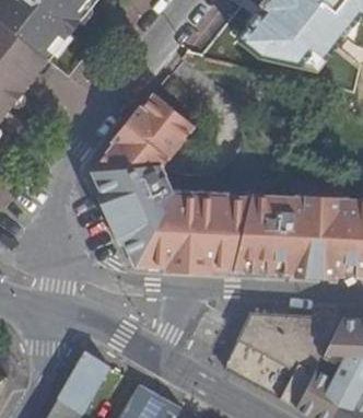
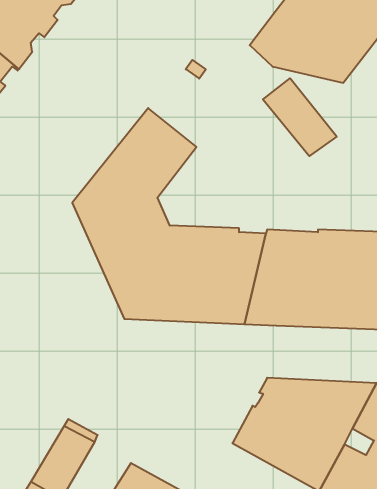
building: none -> [263,78,337,156]

